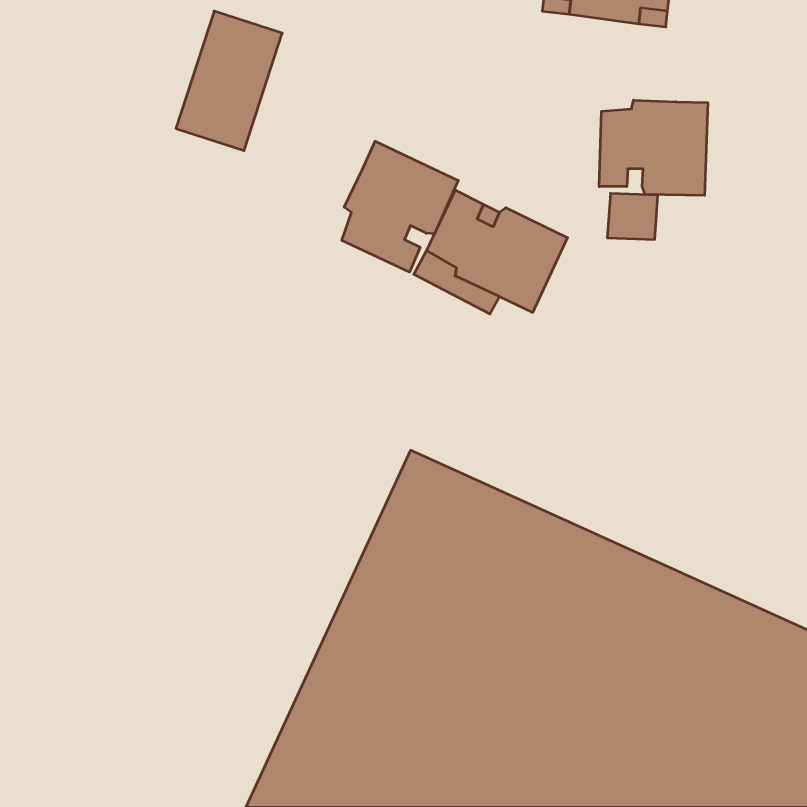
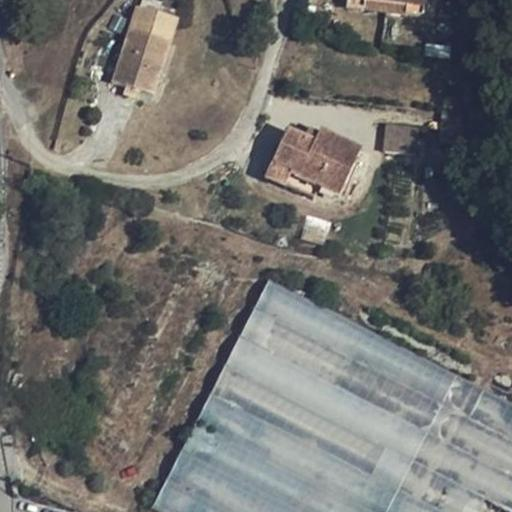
building: [599,100,708,195] -> none
building: [342,141,458,272] -> none

